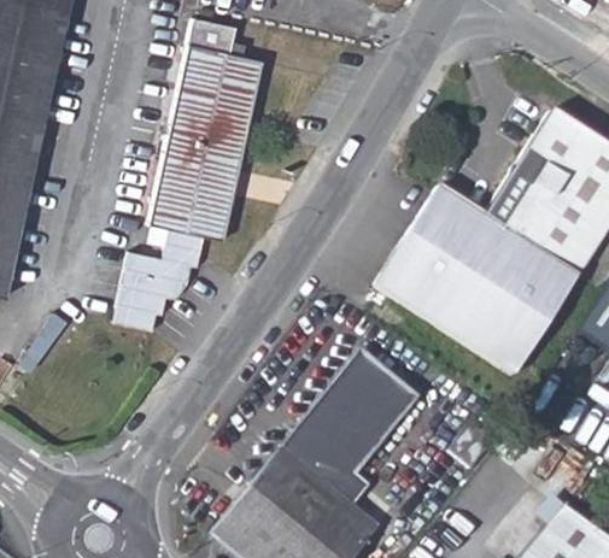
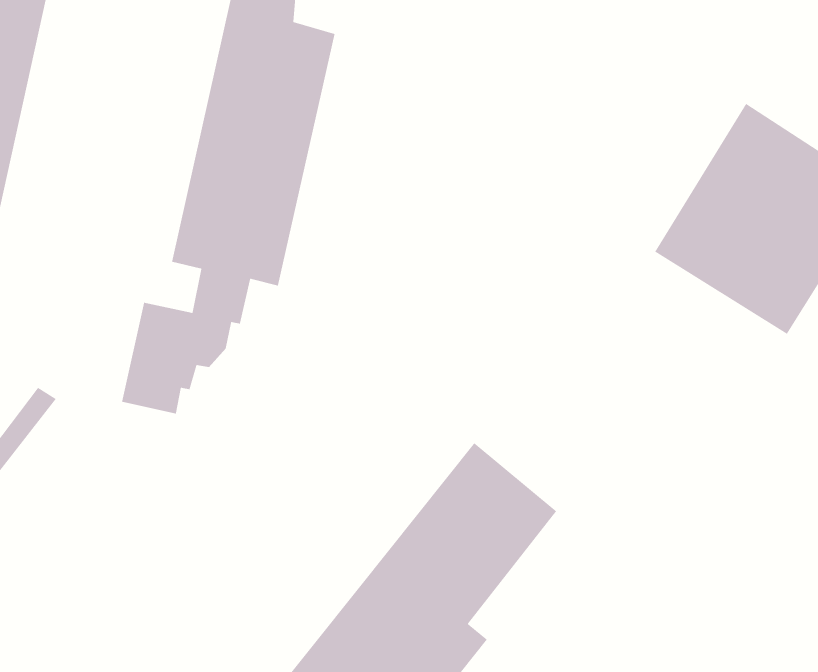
building: [377,187,578,372] -> none

